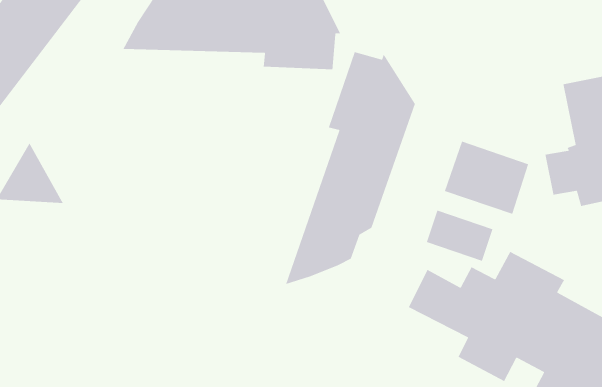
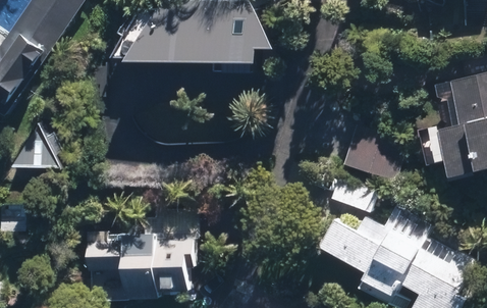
building: [285,51,416,285] -> none
building: none -> [87,232,199,302]

